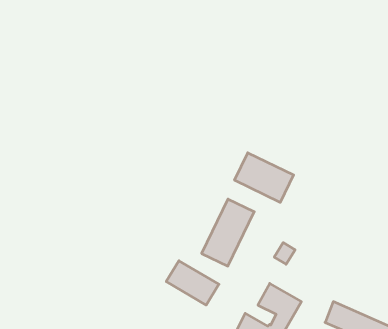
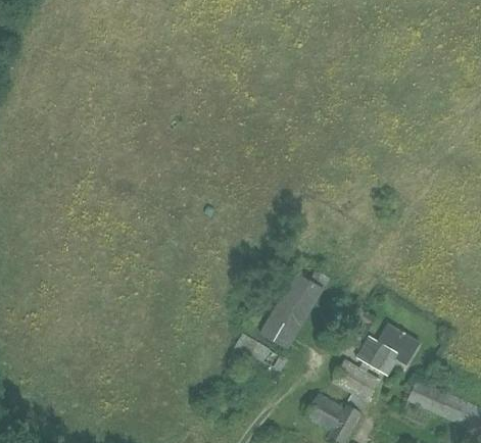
building: [235,153,294,202] -> none
building: none -> [354,322,420,377]

